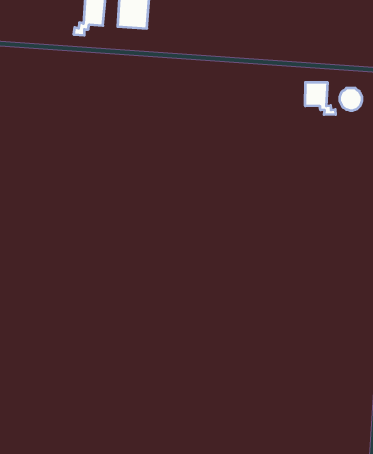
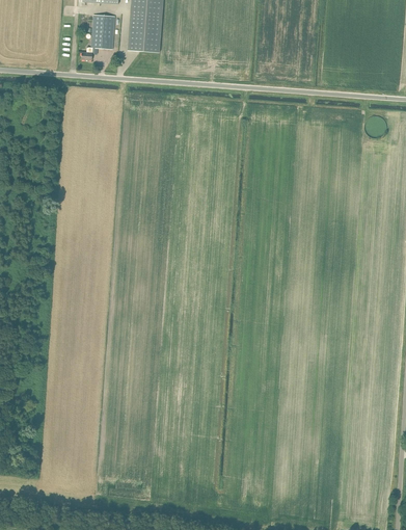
building: [305,82,336,115] -> none

